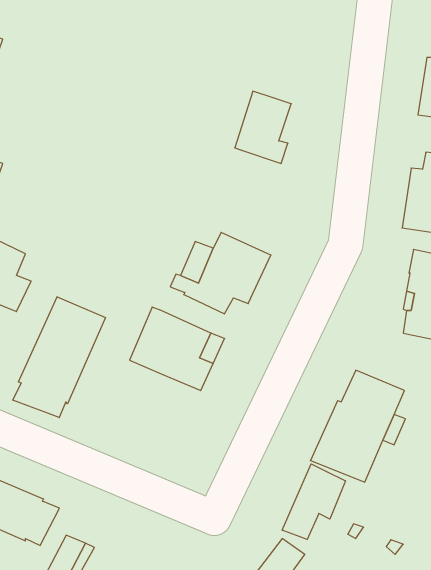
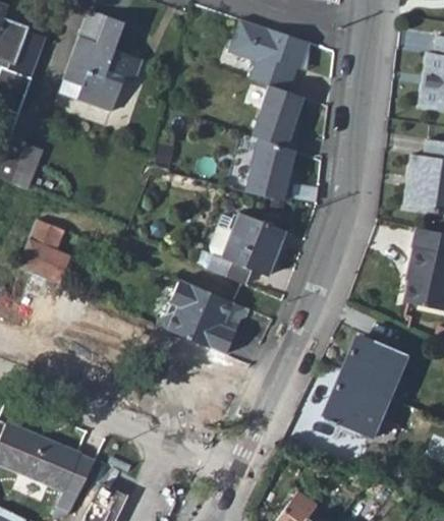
building: none -> [58,11,142,114]
building: none -> [229,18,311,92]
building: none -> [245,138,296,202]
building: [13,297,105,418] -> none
building: [282,464,345,539] -> none

